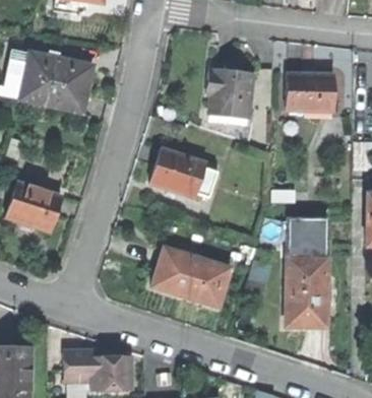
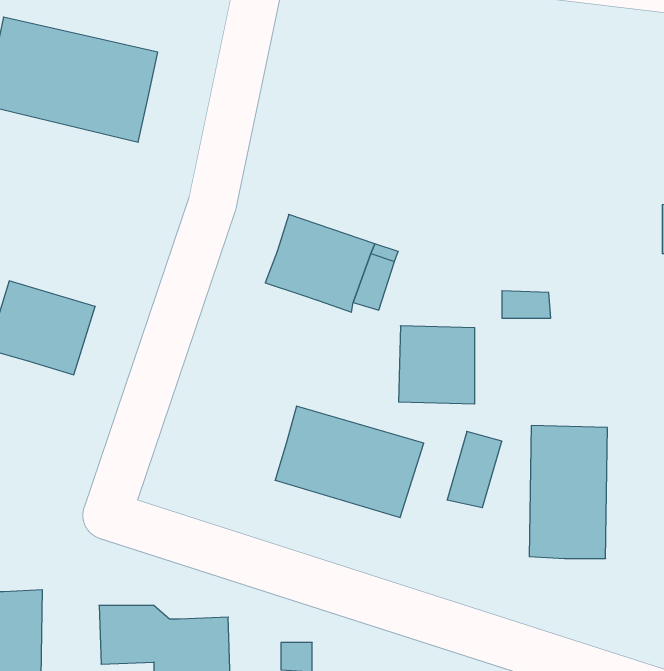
building: [204,64,251,120] -> none
building: [285,74,331,113] -> none
building: [287,218,326,259] -> [399,326,475,404]

